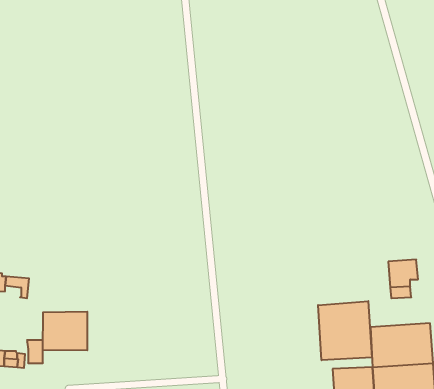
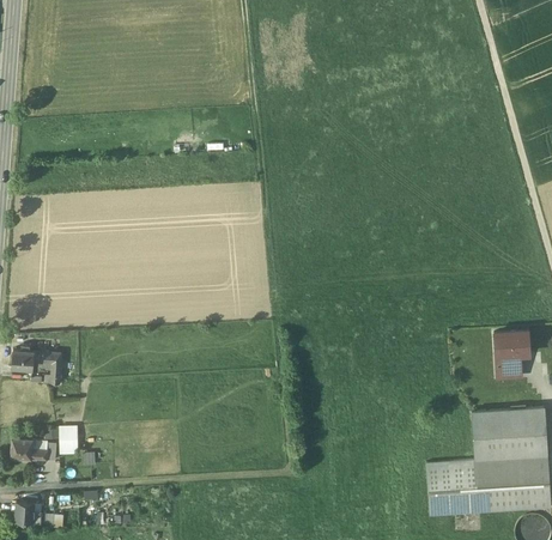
building: [318,301,372,360] -> none
building: [43,312,87,350] -> none

